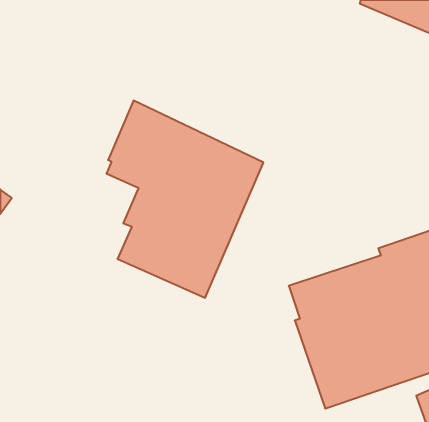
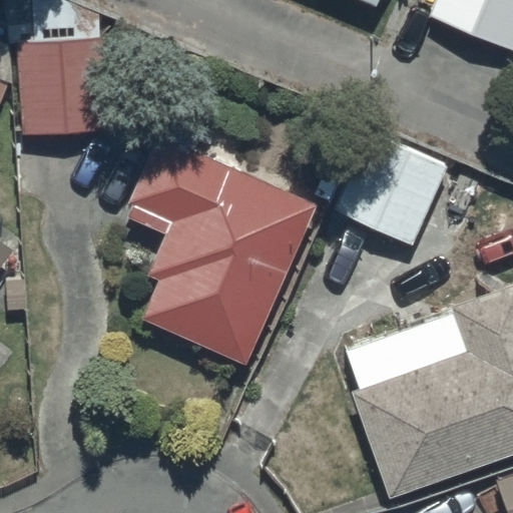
building: none -> [17,30,108,137]
building: none -> [316,131,447,247]

